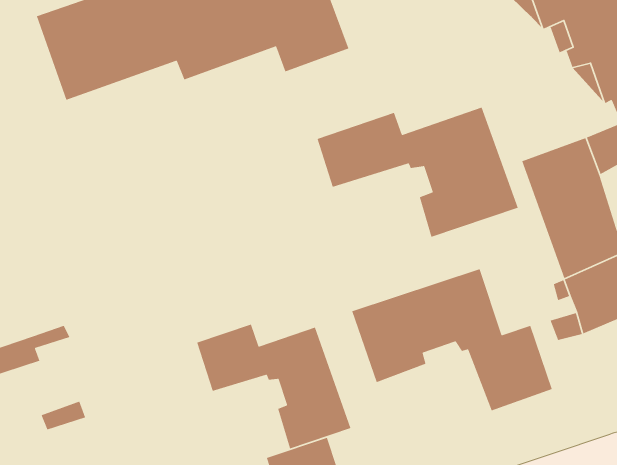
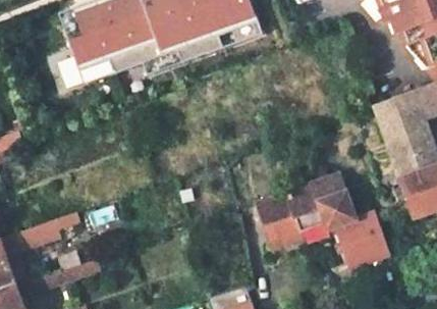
building: [317,107,519,238] -> none
building: [196,323,352,449] -> none

